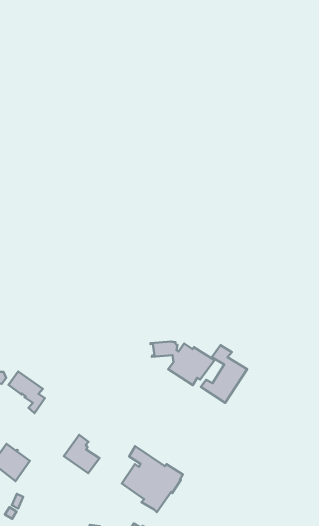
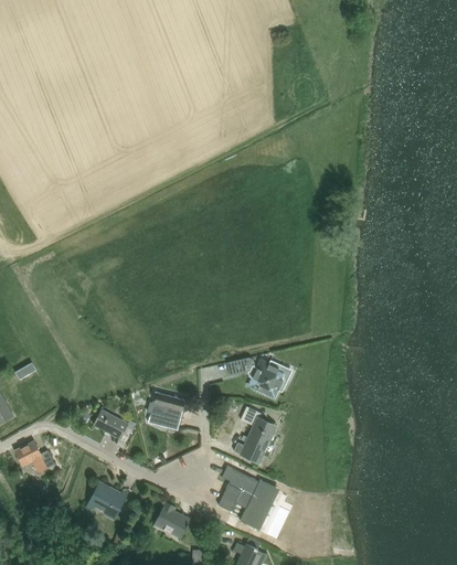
building: [201,345,247,403] -> [233,406,276,462]
building: none -> [147,392,185,429]
building: [64,435,99,473] -> [153,501,189,537]

